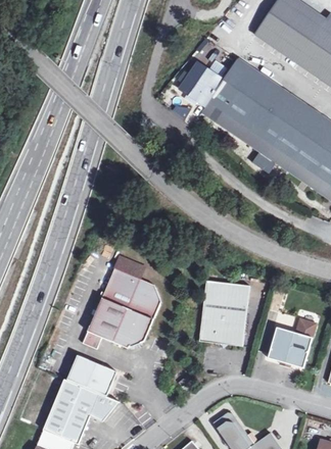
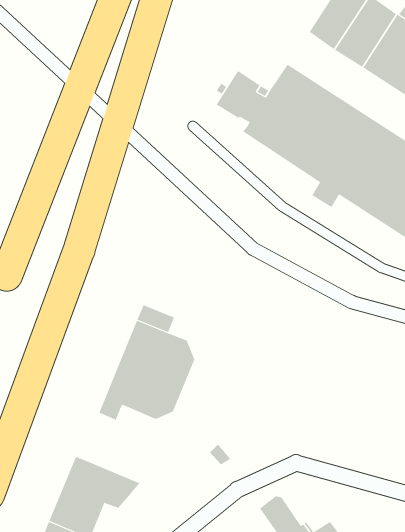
building: [201,281,253,347] -> none
building: [270,318,318,365] -> none
building: [67,353,113,393] -> none

